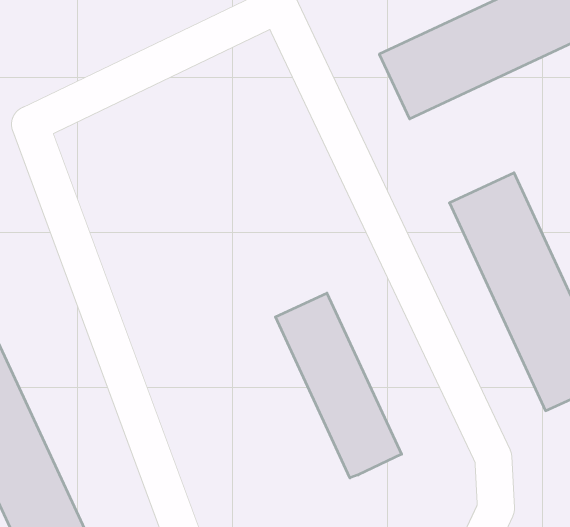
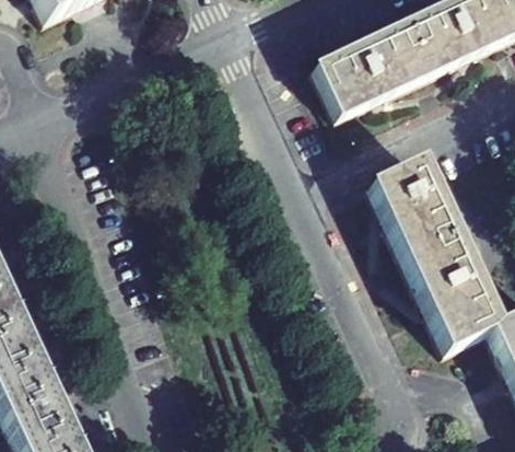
building: [275,293,402,478] -> none

